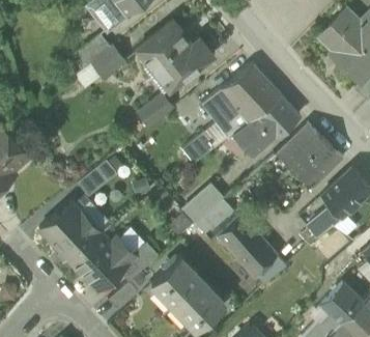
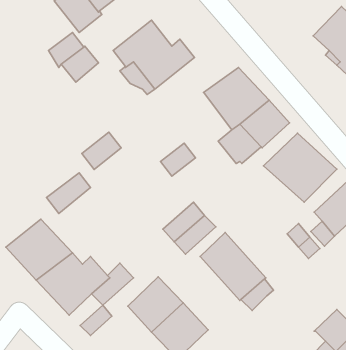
building: [201,88,247,138] -> none
building: [137,93,173,128] -> [82,132,121,169]

